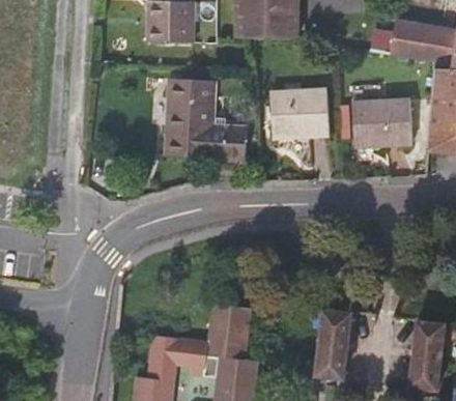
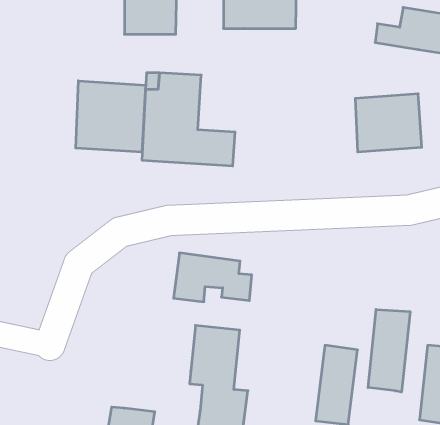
building: none -> [76,81,146,152]
building: [269,88,330,139] -> none
building: none -> [368,309,410,392]
building: [147,336,217,379] -> [174,253,252,302]

